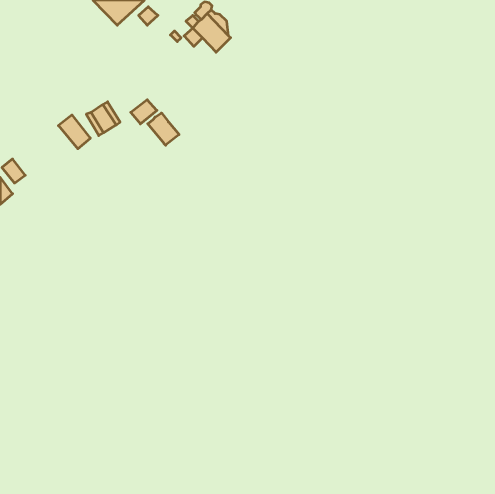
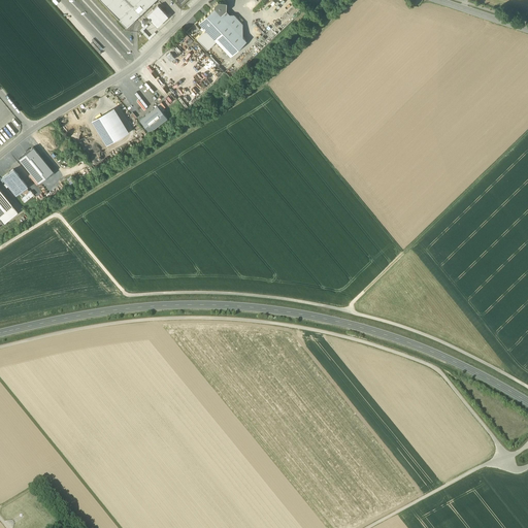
building: [148,113,179,145] -> none
building: [58,115,90,149] -> [19,148,53,185]

